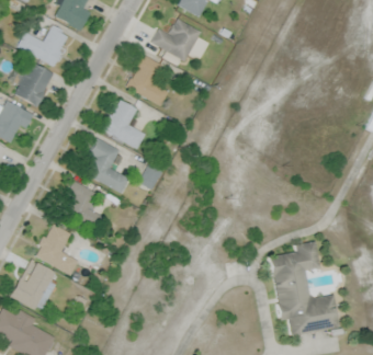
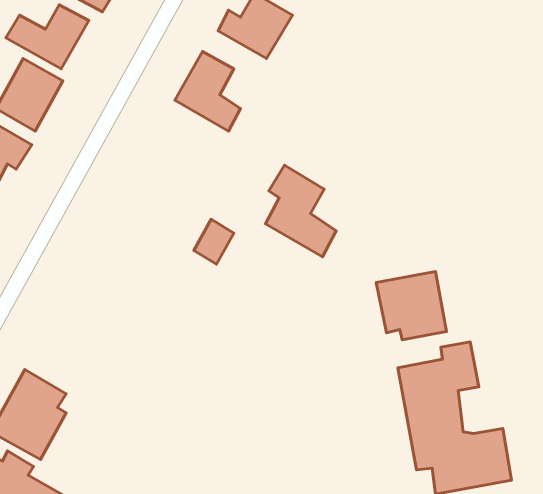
building: [103,100,146,149] -> none
building: [86,137,131,195] -> [266,165,336,257]
building: [63,180,106,234] -> none
building: none -> [376,272,446,340]
building: [34,224,79,275] -> none

